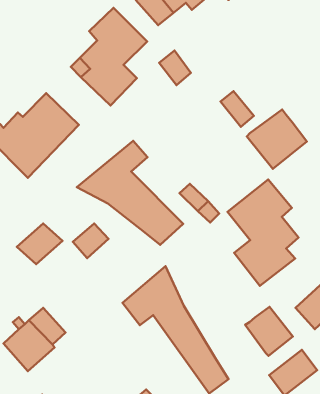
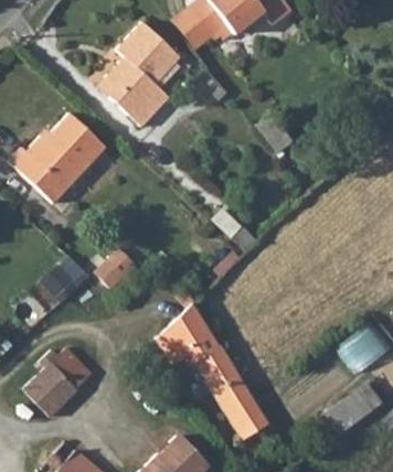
building: [247,109,307,169] -> none
building: [77,141,183,245] -> none
building: [228,179,299,286] -> none
building: [245,307,293,356] -> none

